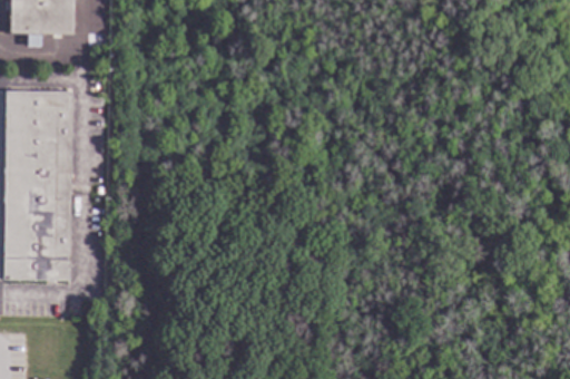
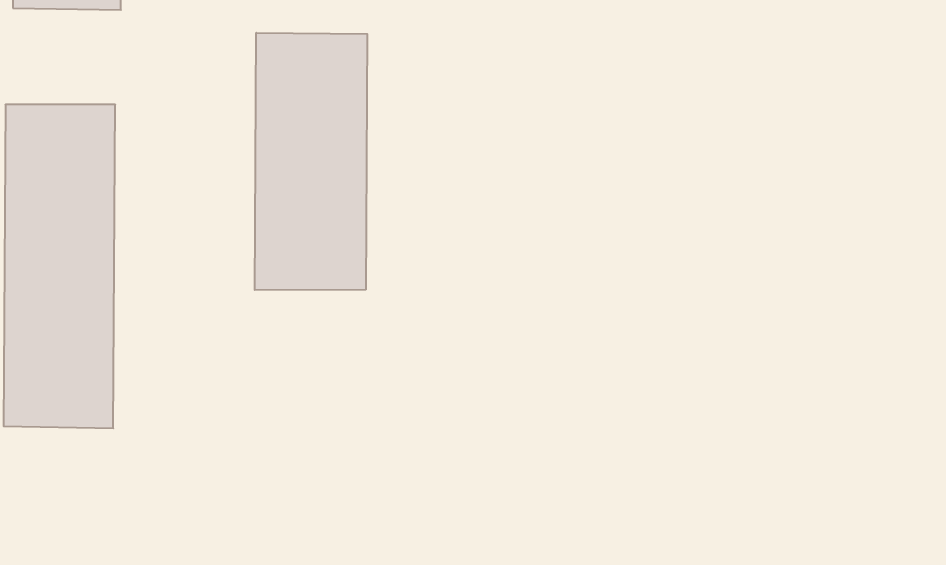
building: none -> [255,33,367,290]

